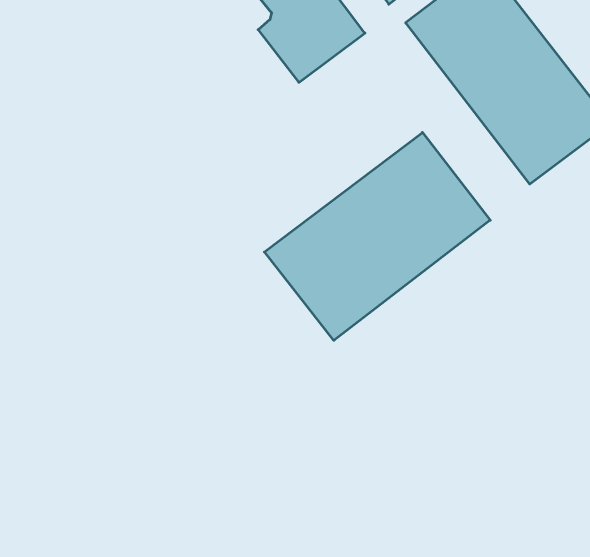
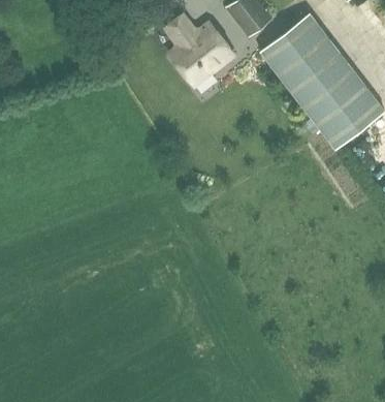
building: [264,132,490,340] -> none

